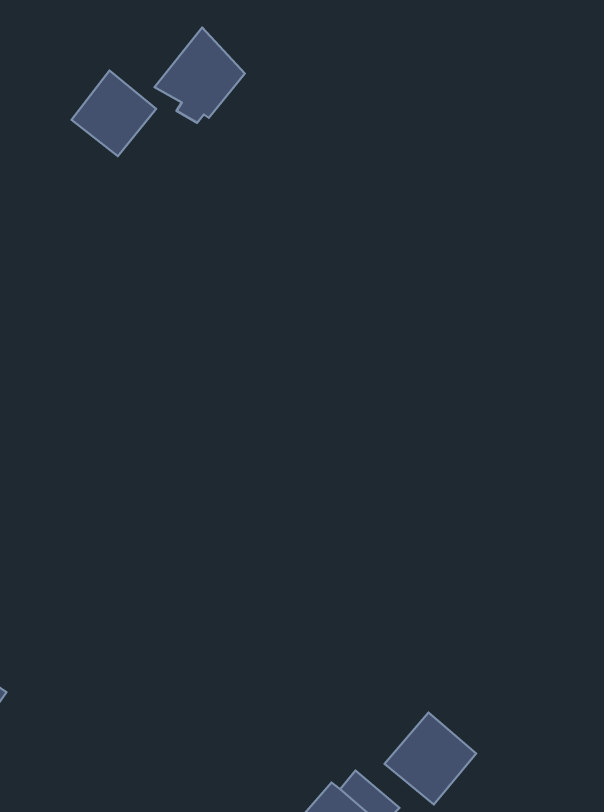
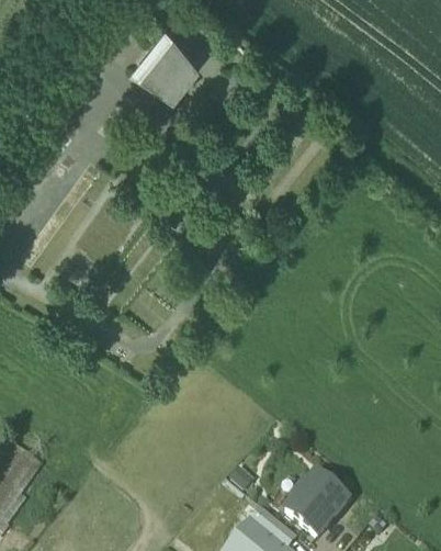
building: [71,71,156,156] -> none

